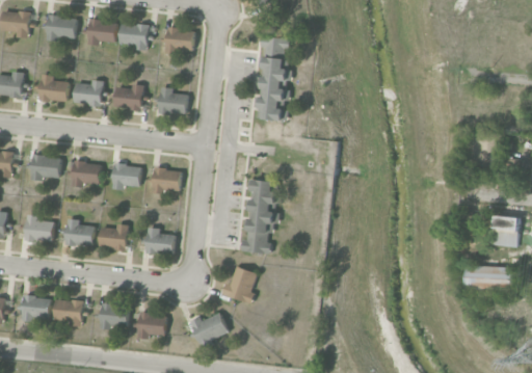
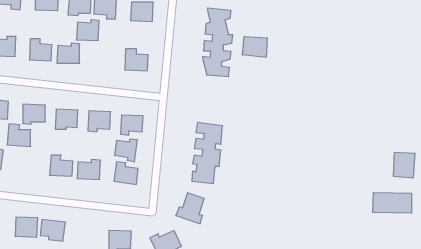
building: none -> [242,36,267,57]
building: [113,84,141,110] -> [76,20,99,41]
building: none -> [115,139,137,162]
building: [23,214,52,242] -> [7,124,31,147]
building: [99,304,128,329] -> none

